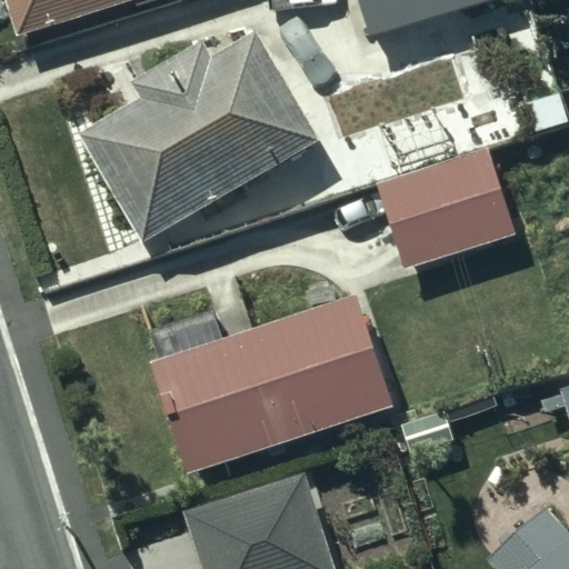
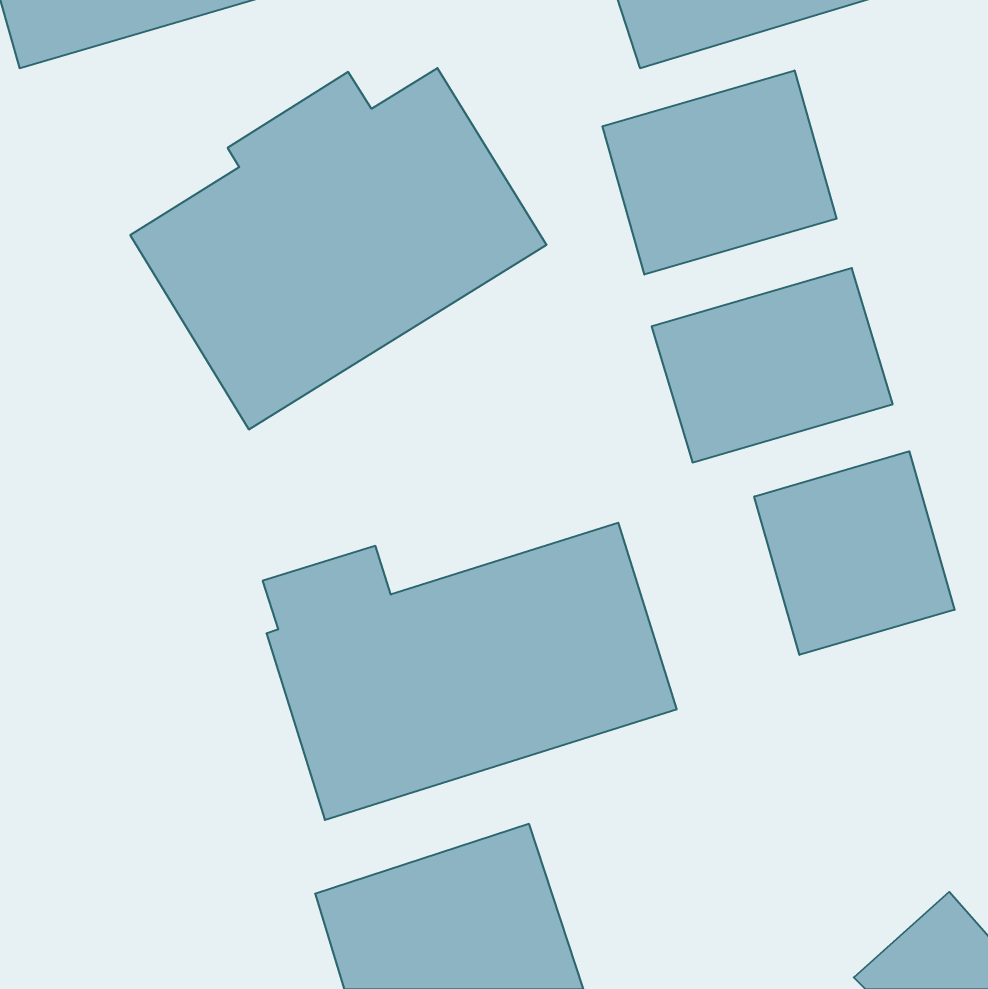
building: none -> [602,70,837,275]
building: none -> [754,451,955,655]

